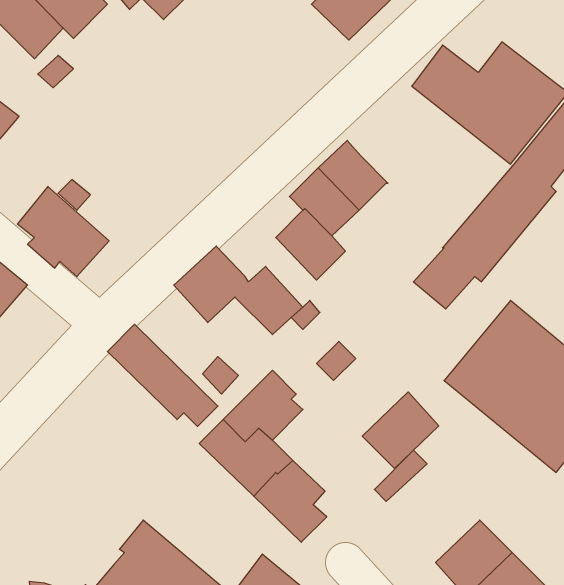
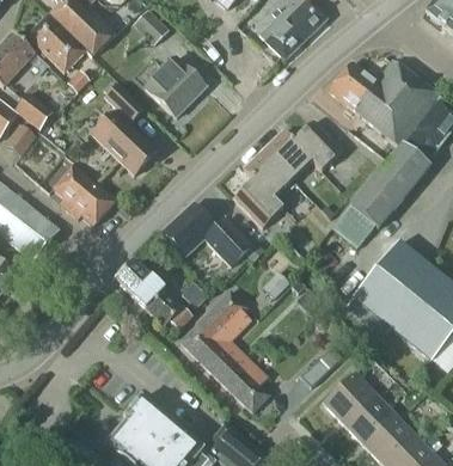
building: none -> [145,55,206,116]
building: none -> [91,82,155,173]
building: none -> [293,118,342,168]
building: [362,392,439,468] -> [323,370,377,424]

